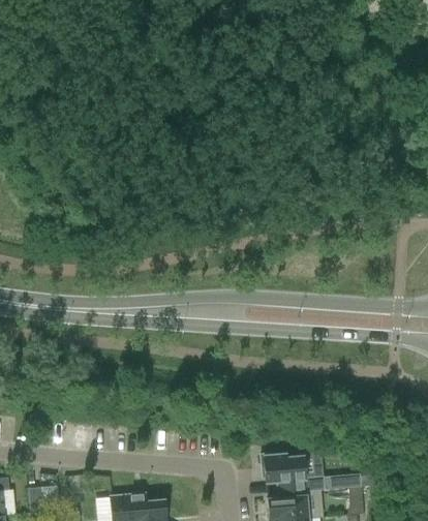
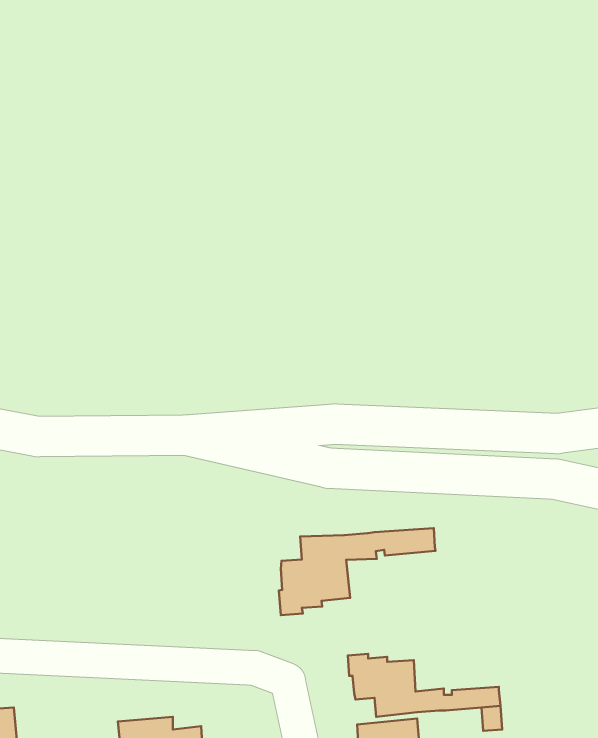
building: none -> [279,528,436,615]

